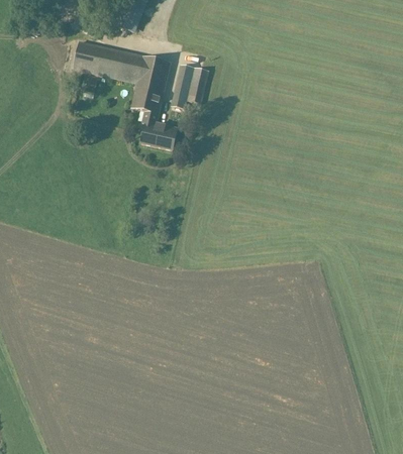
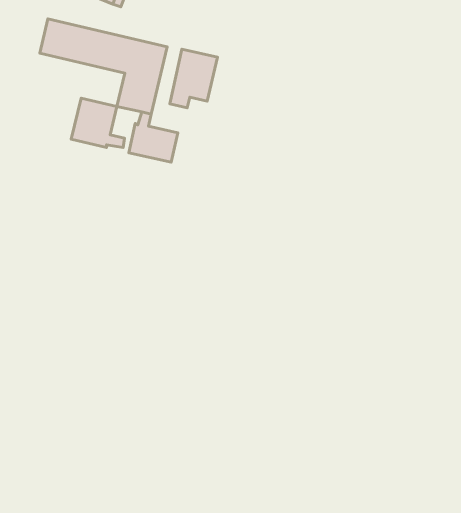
building: none -> [71,98,125,148]

